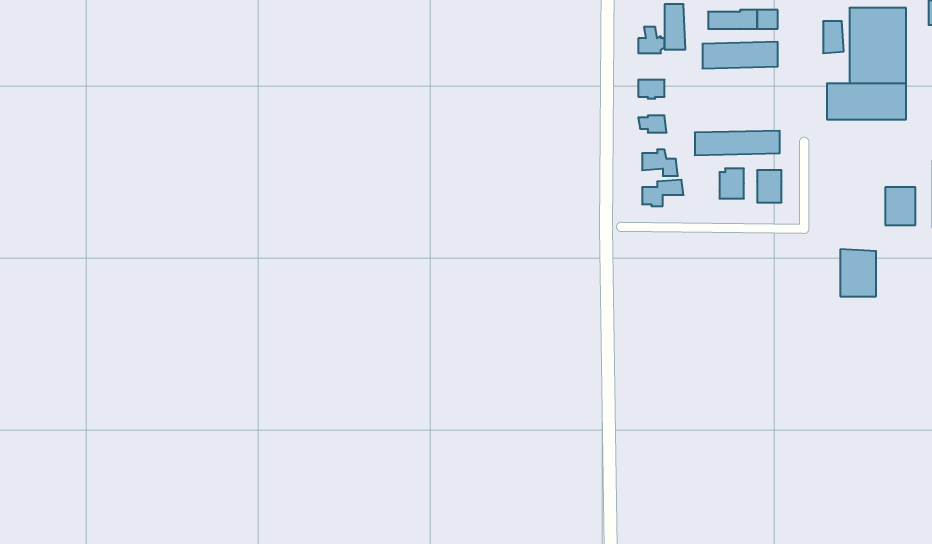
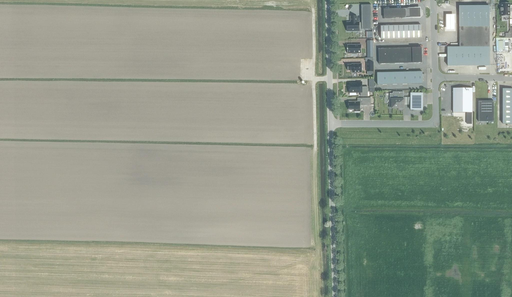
building: none -> [378,47,422,63]
building: [840,249,876,296] -> [453,87,472,112]

